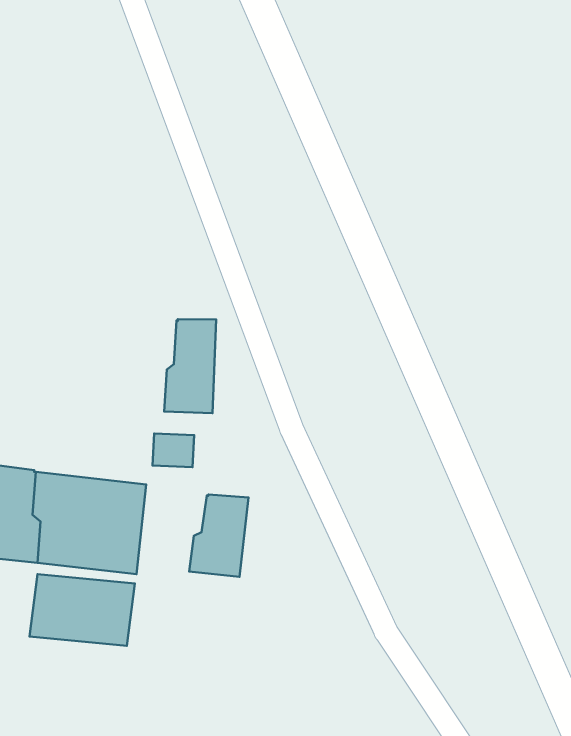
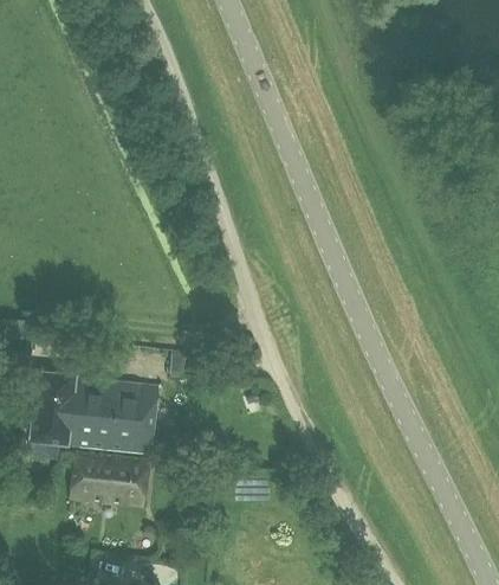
building: [164,319,216,413] -> none
building: [189,494,249,577] -> none

